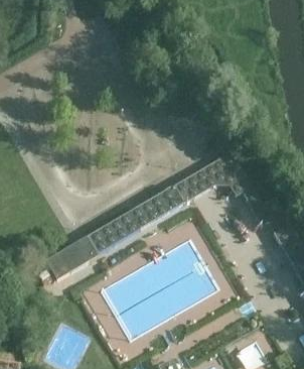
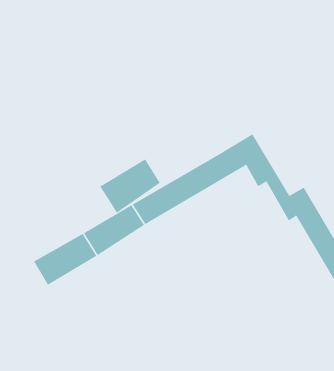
building: none -> [99,158,160,213]

